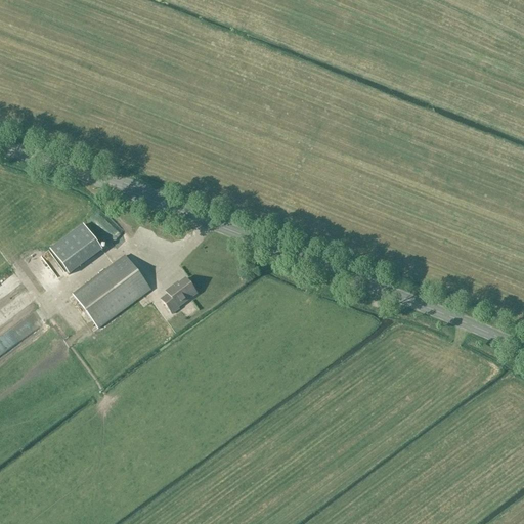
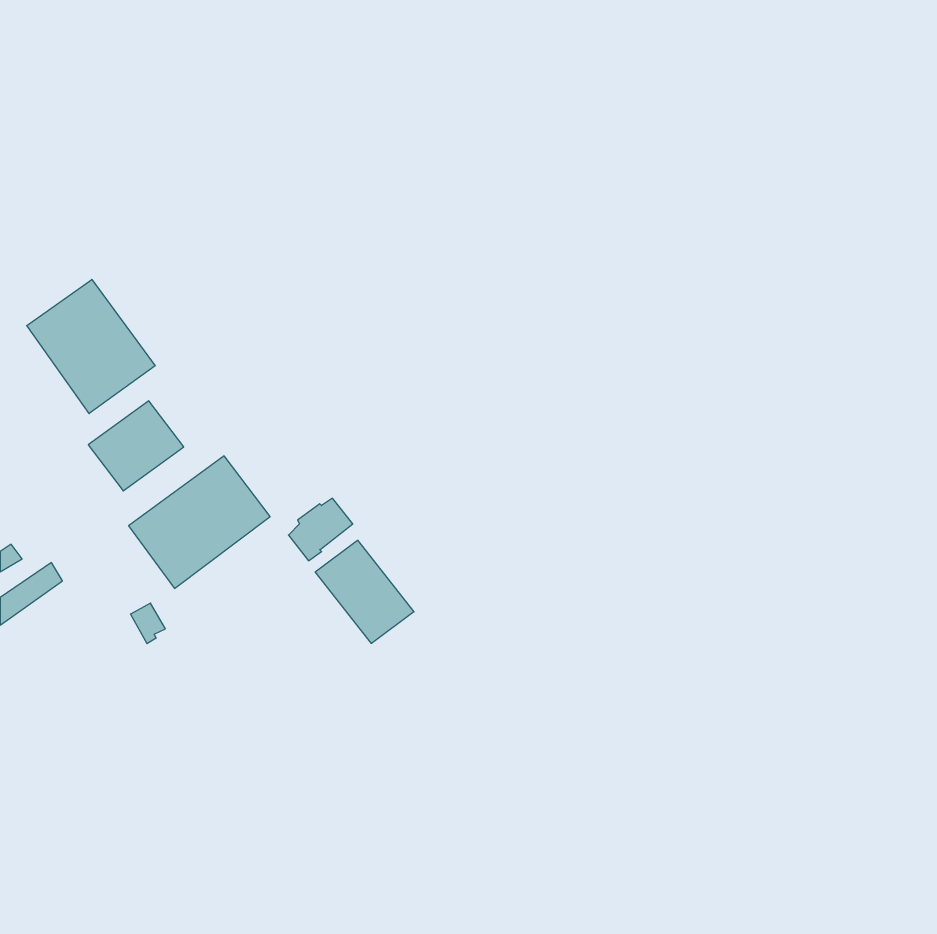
building: none -> [27,279,155,414]
building: none -> [315,540,414,643]

